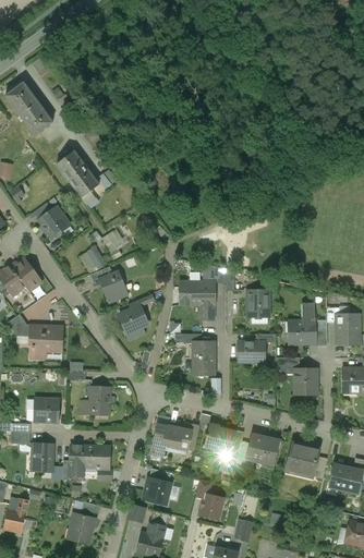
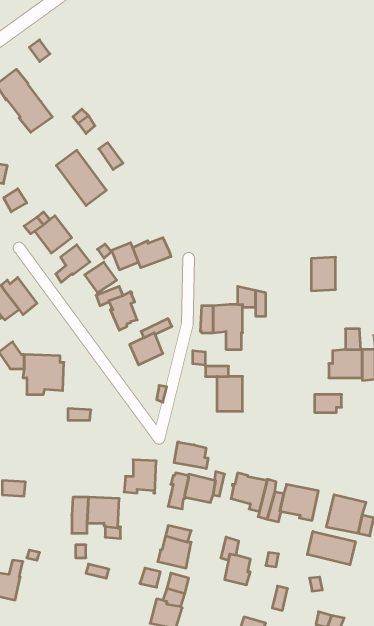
building: none -> [133,238,171,268]
building: none -> [56,245,90,282]
building: [247,289,268,317] -> [311,257,336,291]
building: [238,341,265,362] -> none
building: [294,368,316,392] -> none
building: [83,386,110,414] -> [124,460,156,493]
building: none -> [174,442,208,469]
building: [34,398,59,422] -> none
building: [32,442,53,471] -> none
building: none -> [307,531,355,565]
building: [70,512,96,544] -> none

